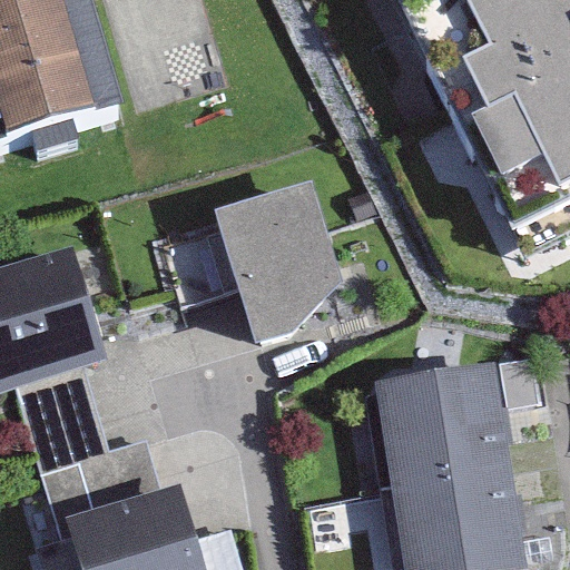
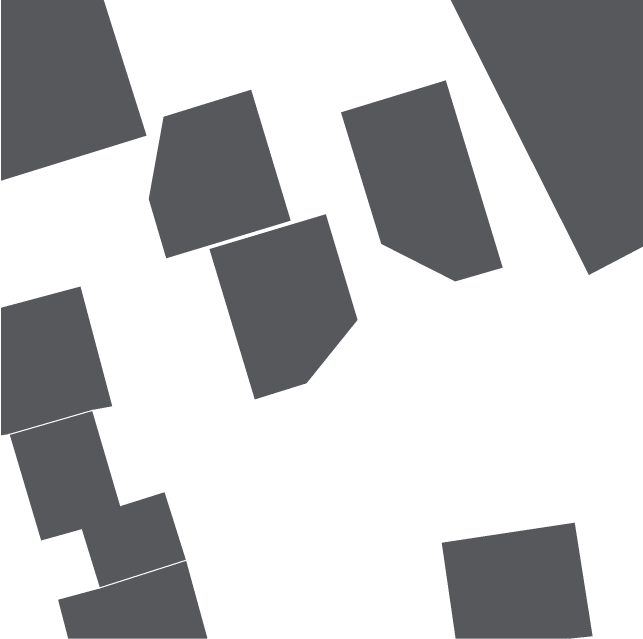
building: none -> [340,80,503,282]
building: none -> [148,89,292,259]
building: [376,358,510,475] -> none

